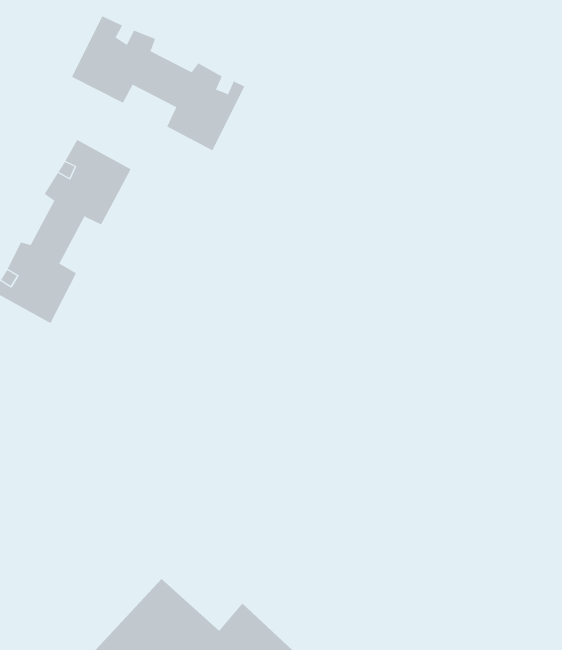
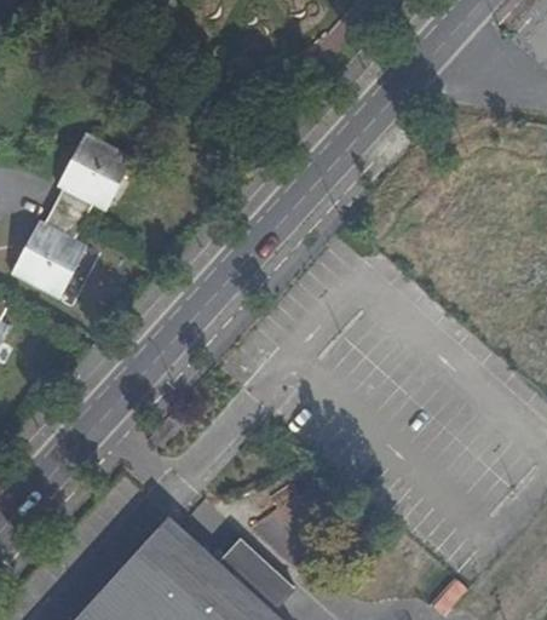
building: [71,15,245,151] -> none

